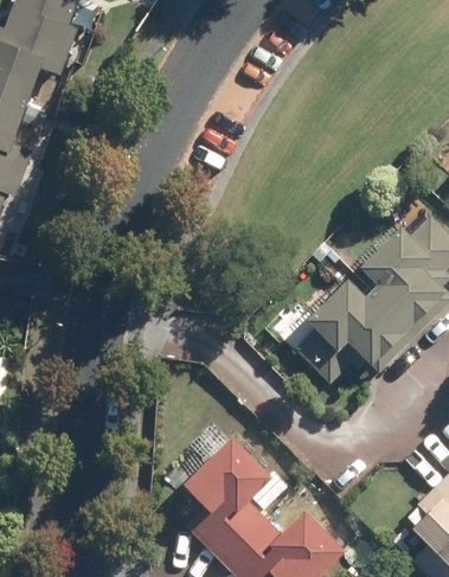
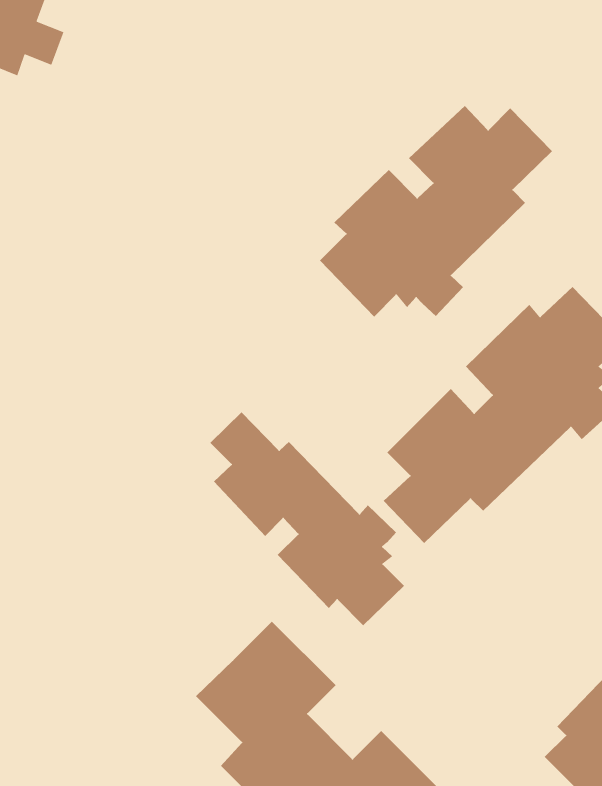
building: none -> [319,105,553,318]
building: none -> [210,412,405,626]

